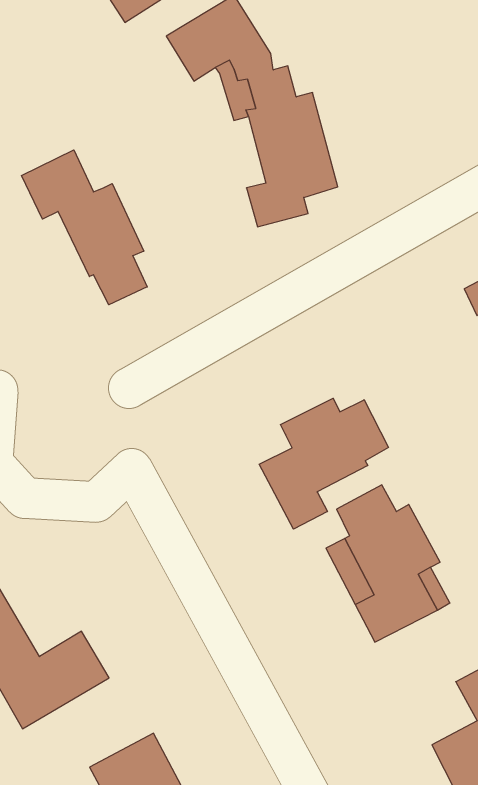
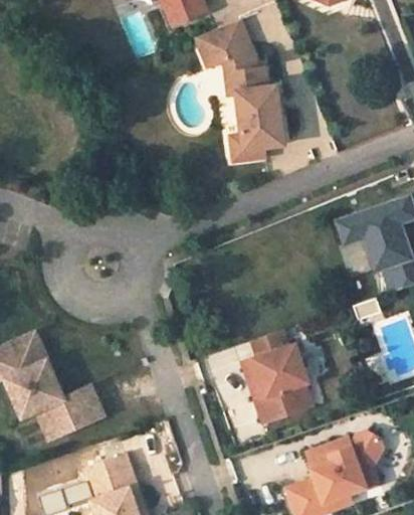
building: [22,150,147,305] -> none
building: [259,398,388,529] -> none

